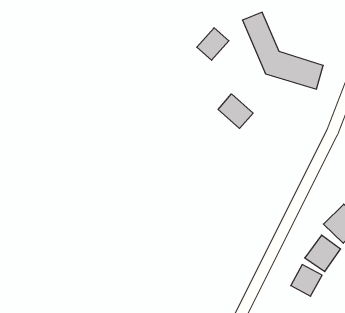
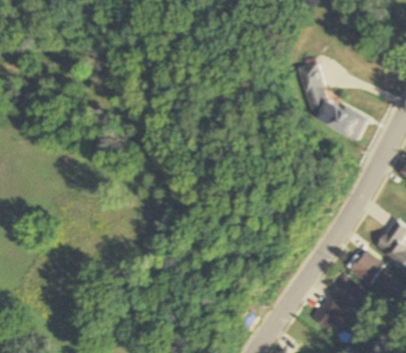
building: [197,28,229,60] -> none
building: [218,94,253,128] -> none

